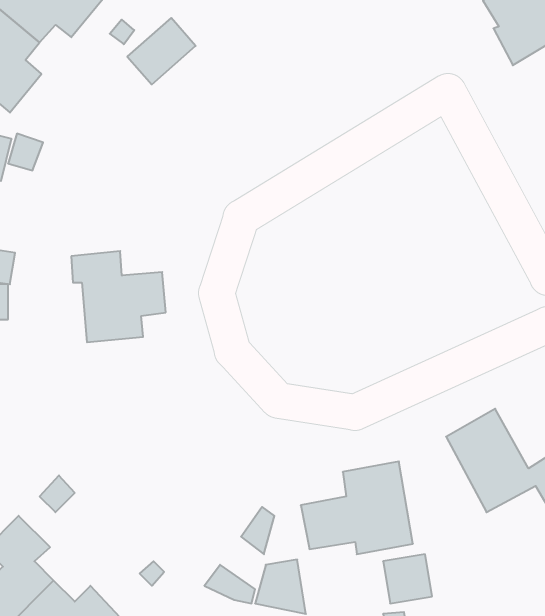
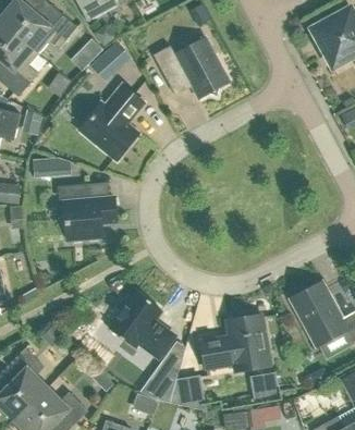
building: none -> [154,37,230,98]
building: none -> [79,84,144,159]
building: none -> [28,156,68,175]
building: none -> [110,291,174,357]

